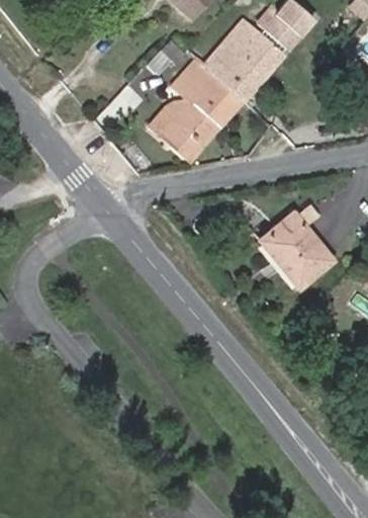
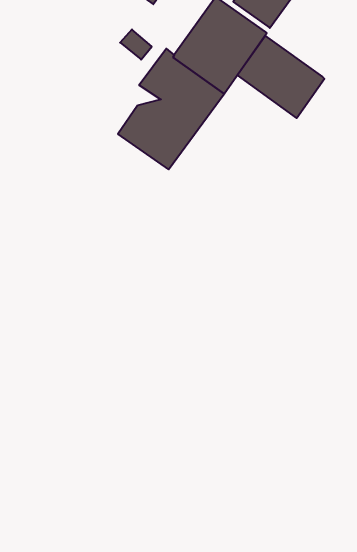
building: none -> [237,36,324,118]
building: [259,211,333,288] -> none

